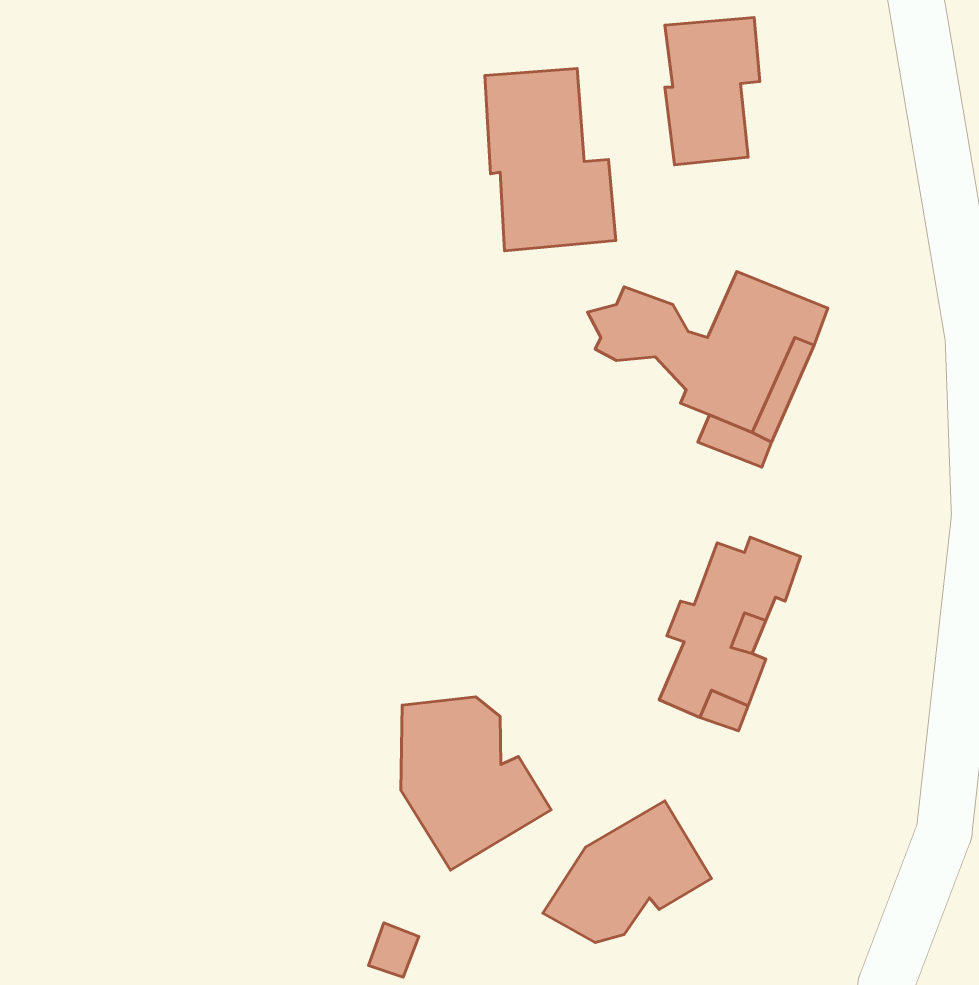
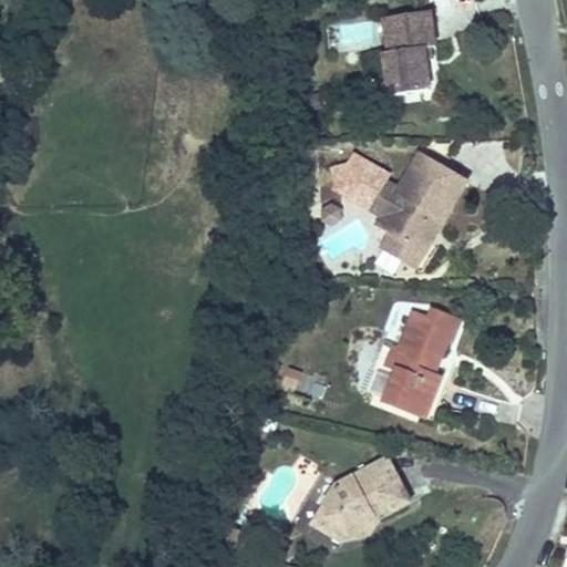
building: [485,68,616,251] -> none
building: [401,697,551,870] -> none

